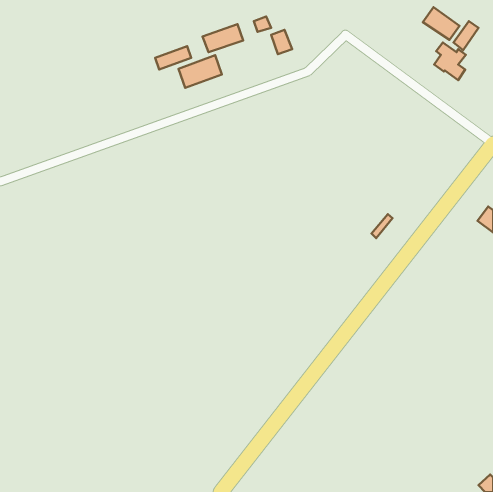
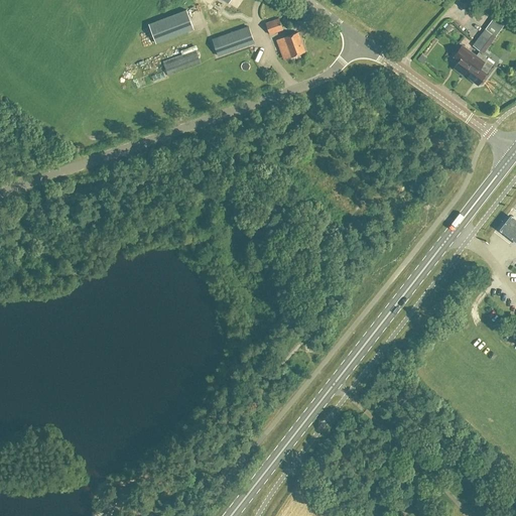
building: [423,7,460,40] -> none
building: [178,55,222,88] -> [148,8,194,42]

